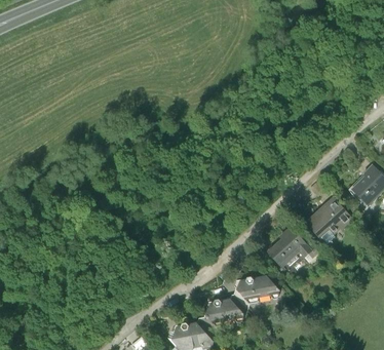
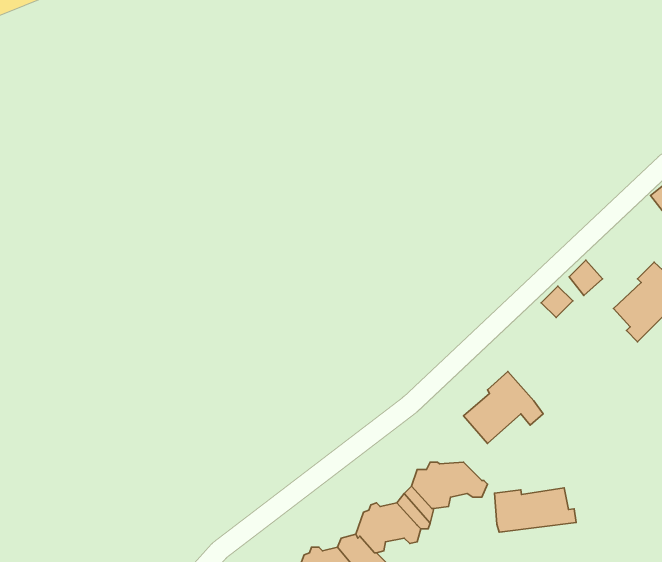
building: [309,200,352,243] -> none
building: none -> [494,488,576,532]

